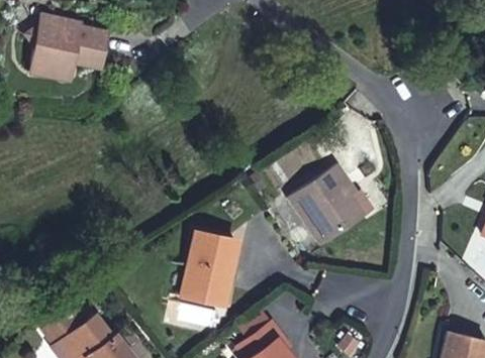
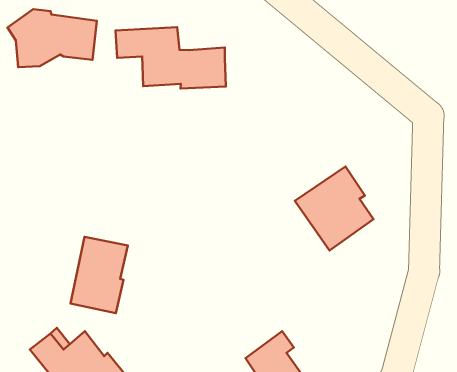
building: none -> [115,27,226,89]
building: [182,233,235,305] -> [71,237,128,313]

